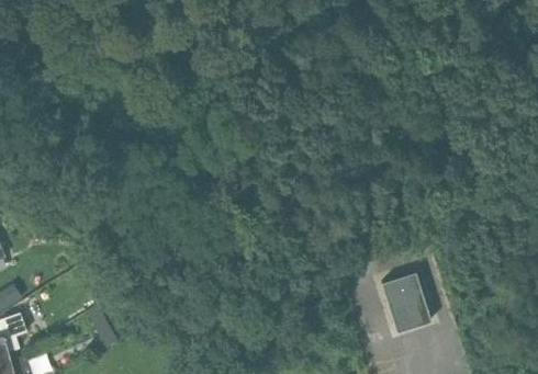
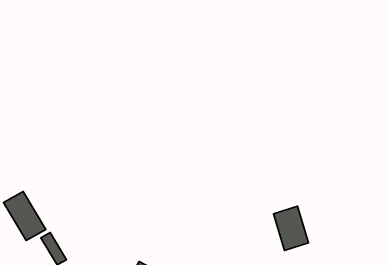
building: none -> [4,191,46,241]

